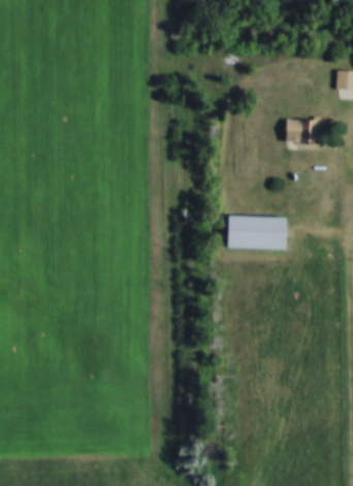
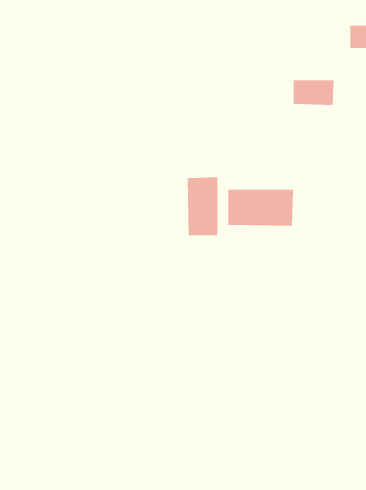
building: none -> [187,177,218,236]

